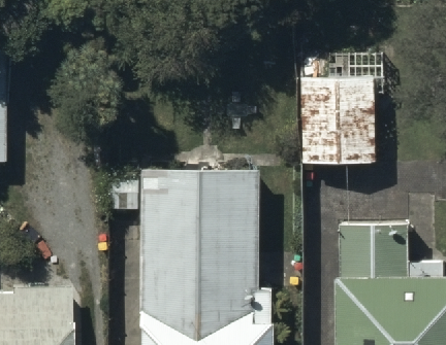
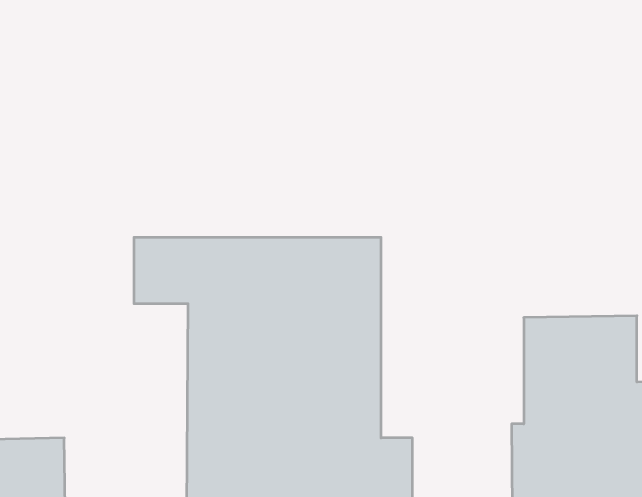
building: [301,45,386,165] -> none

